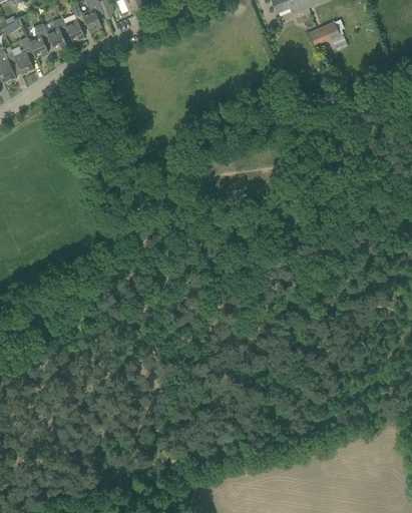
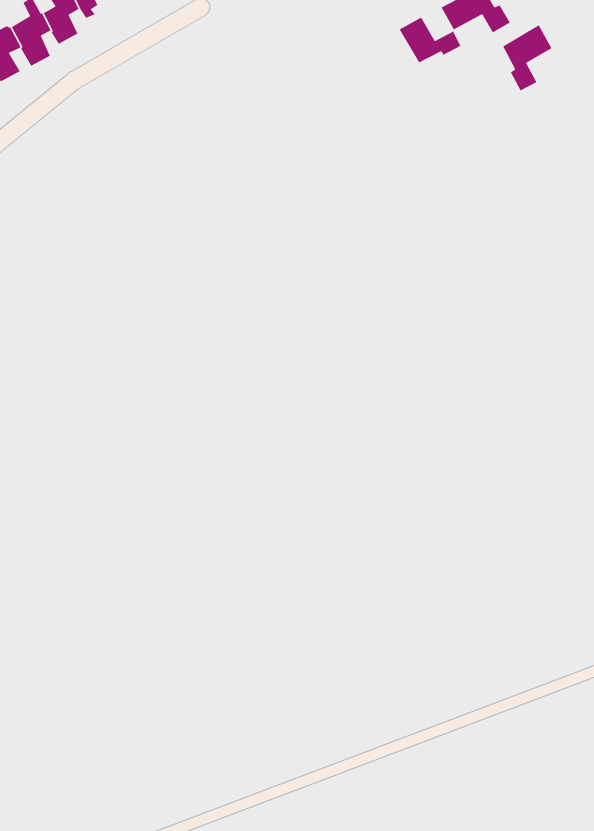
building: none -> [399,17,462,64]
building: none -> [502,24,553,92]

